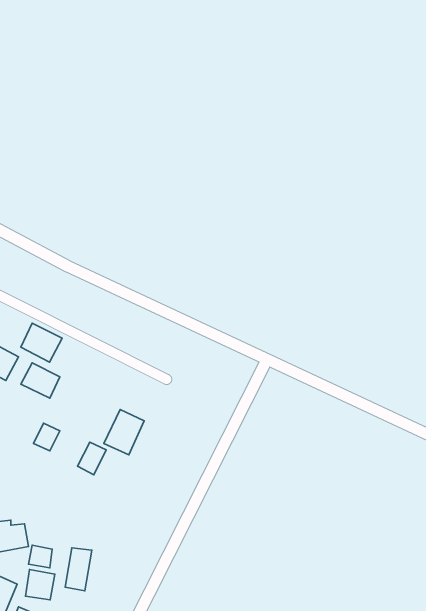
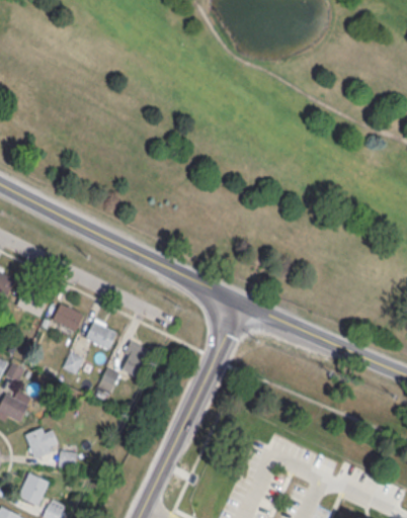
building: [21,323,62,362] -> [85,319,118,350]
building: [65,548,92,591] -> none
building: [26,570,55,600] -> none

